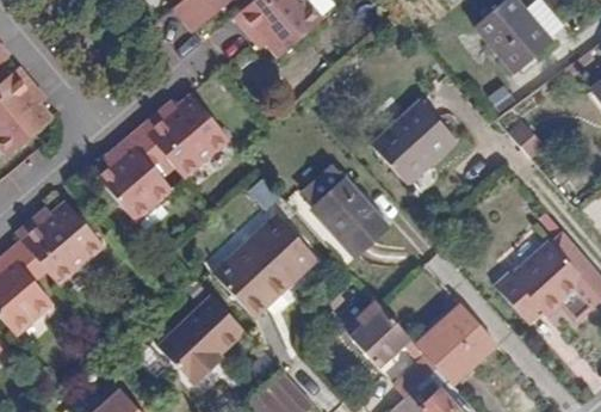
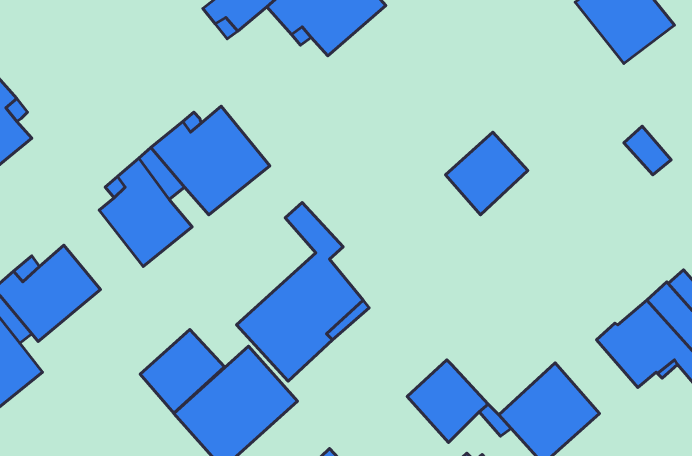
building: [364,98,451,154] -> none
building: [309,174,385,253] -> none
building: none -> [140,329,224,413]

